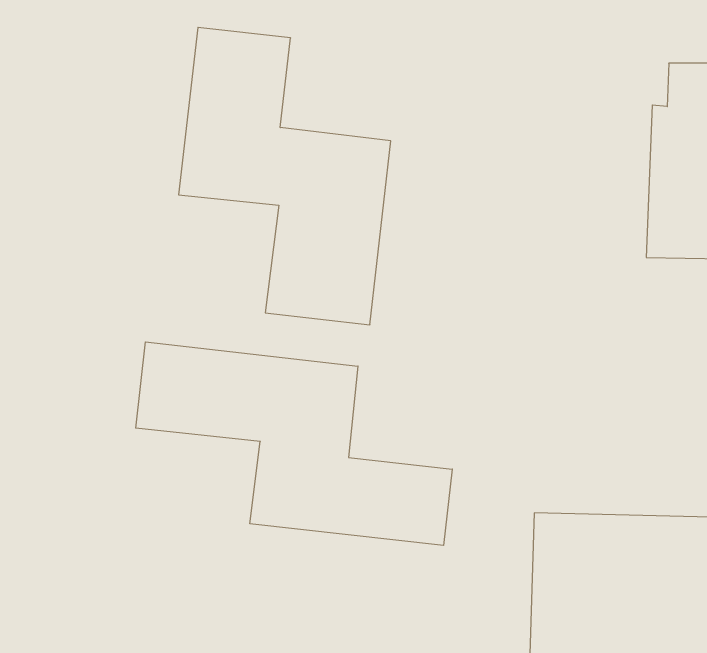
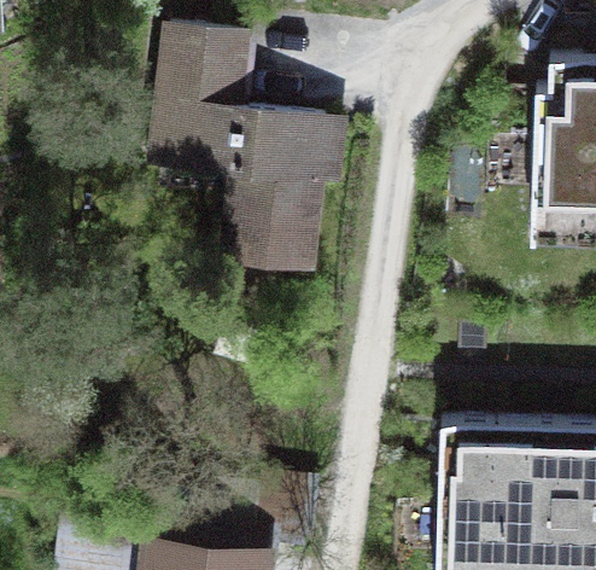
building: [136,342,452,545] -> none

